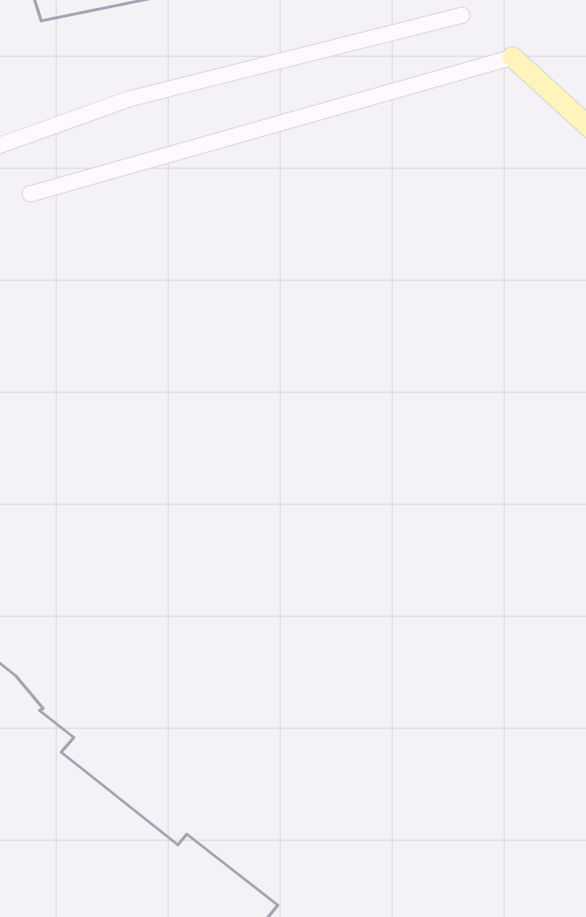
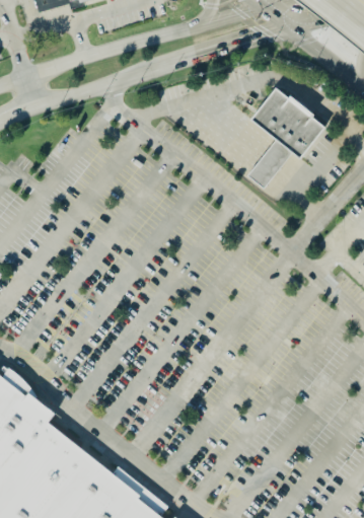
building: none -> [245,89,324,194]

